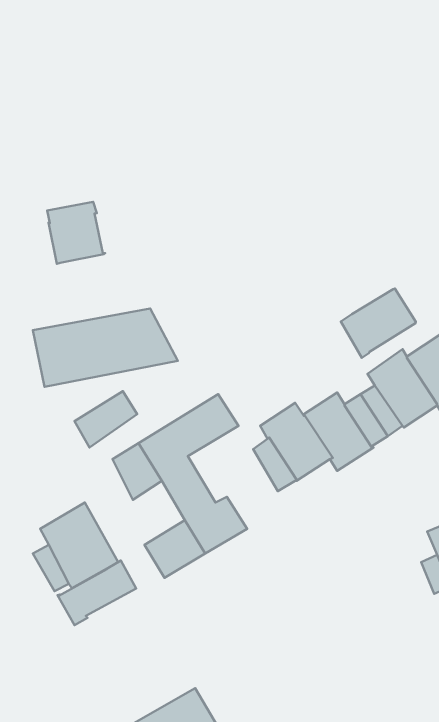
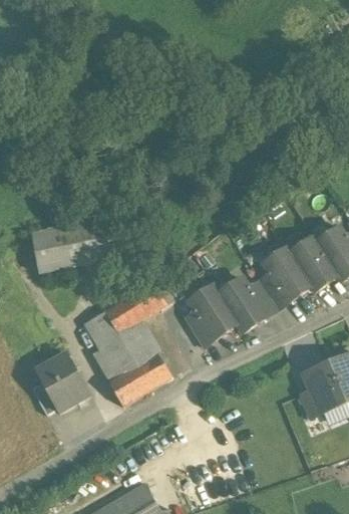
building: [47,202,105,264] -> none
building: [341,288,416,358] -> none
building: [75,391,137,447] -> none
building: none -> [93,337,136,381]
building: [58,561,136,625] -> none

